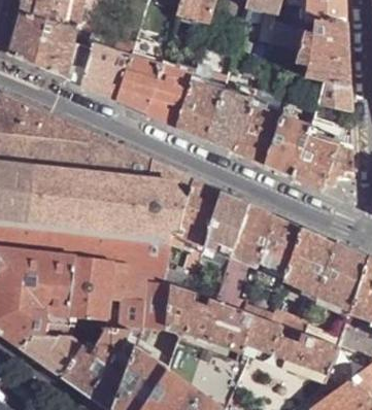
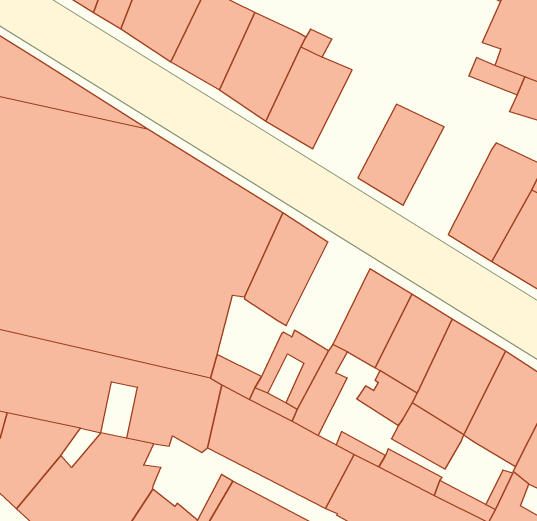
building: [206,82,255,153] -> none
building: [264,116,311,179] -> none
building: [205,194,249,258] -> none

